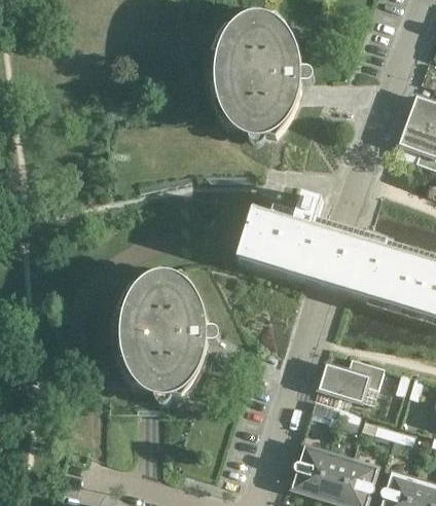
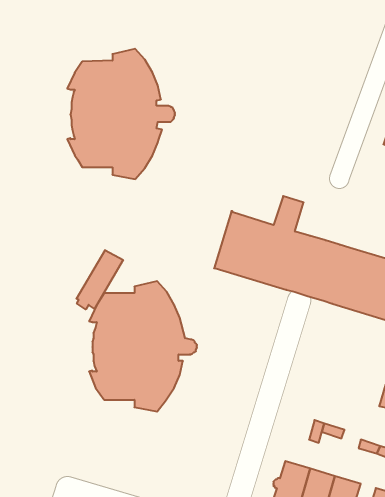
building: [211,12,314,137] -> [67,49,175,179]
building: none -> [76,250,123,309]
building: [318,357,384,400] -> none

